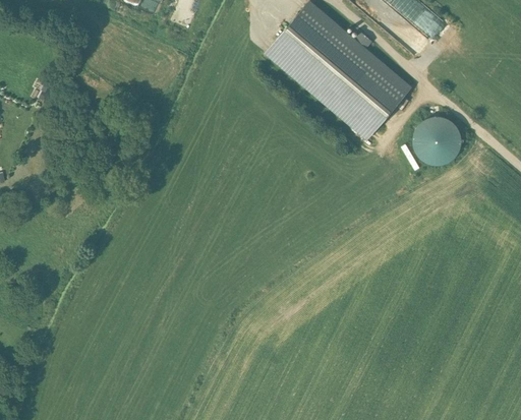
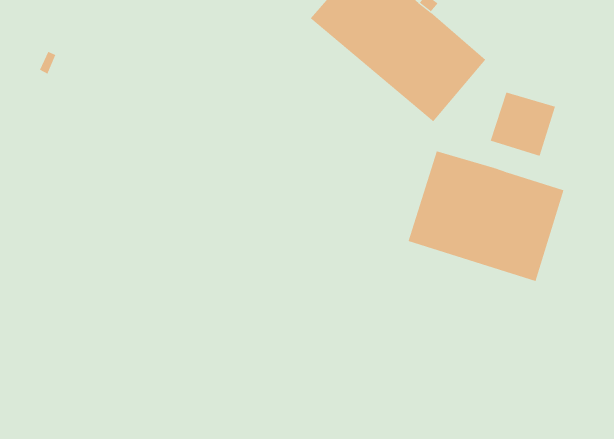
building: none -> [408,150,564,282]

